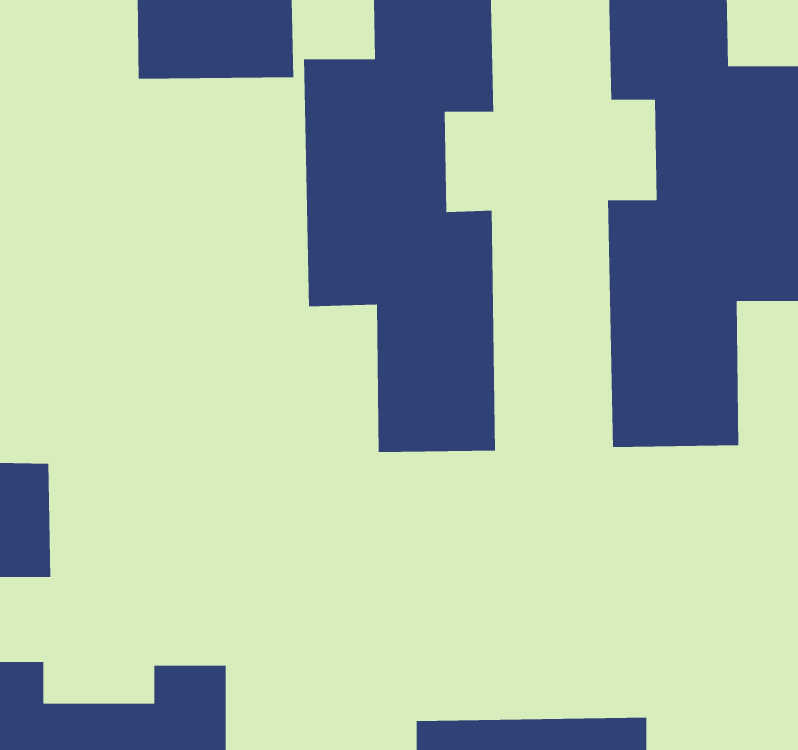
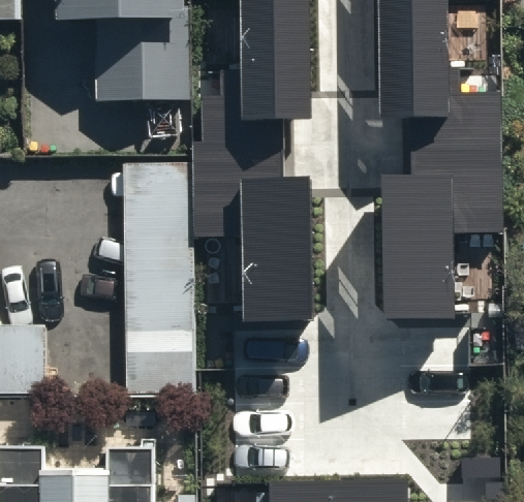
building: none -> [121,161,195,394]

